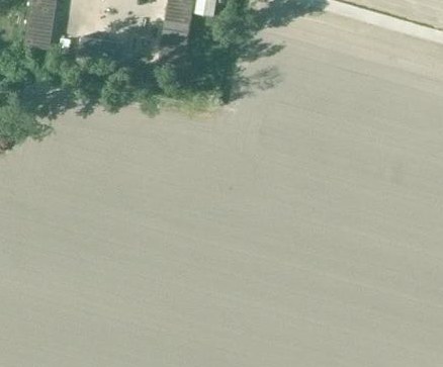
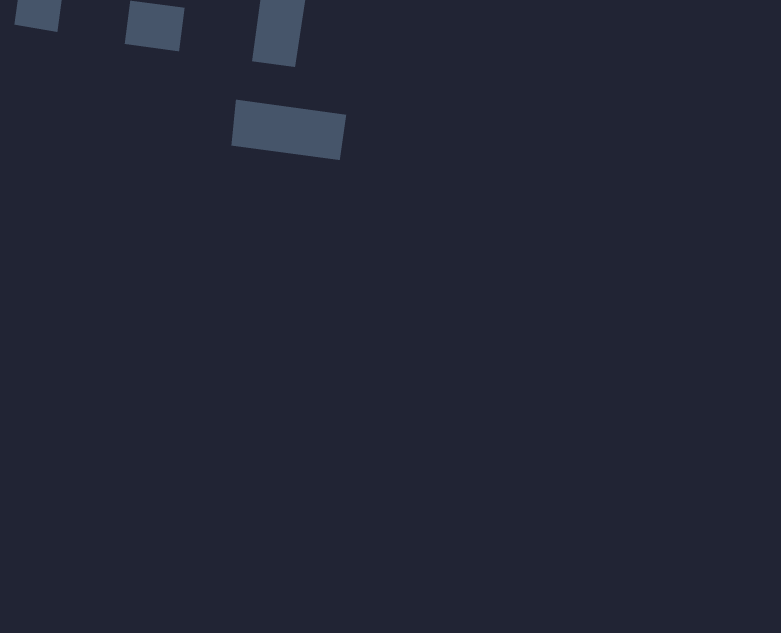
building: none -> [231,99,347,161]

